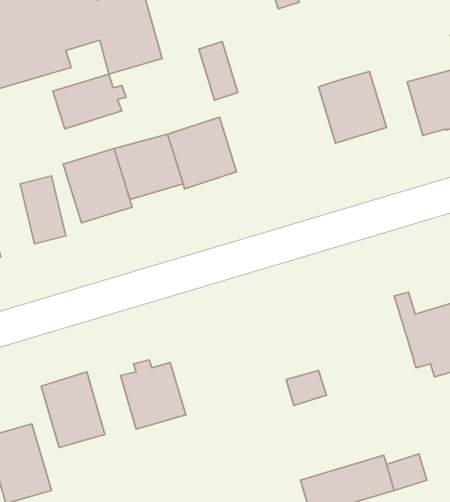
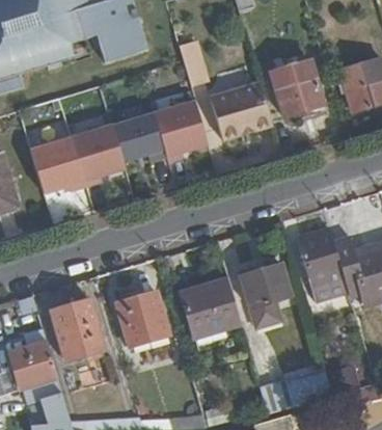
building: [53,74,126,129] -> none
building: none -> [211,79,274,138]
building: none -> [295,226,348,300]
building: none -> [237,262,288,305]
building: none -> [180,279,239,337]

